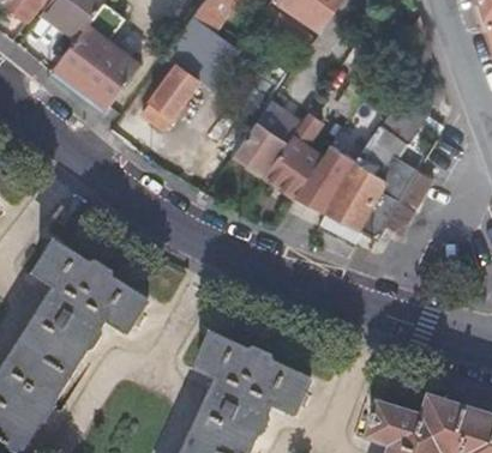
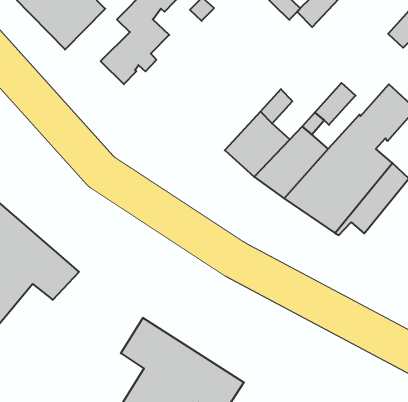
building: [230,119,282,171] -> none

